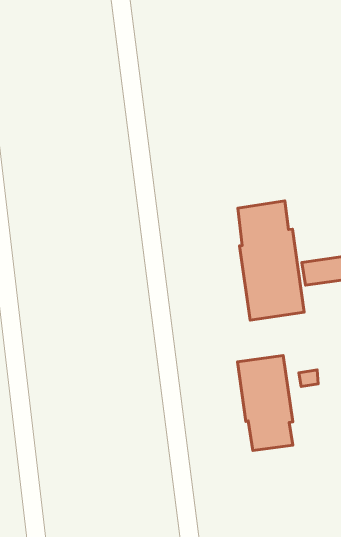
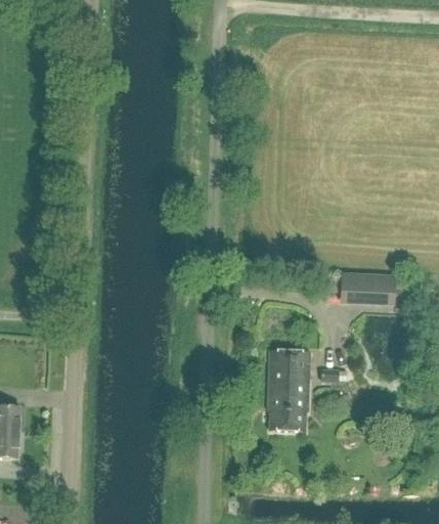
building: [238,201,304,320] -> none

